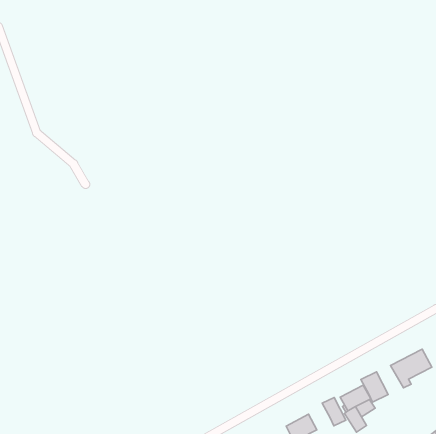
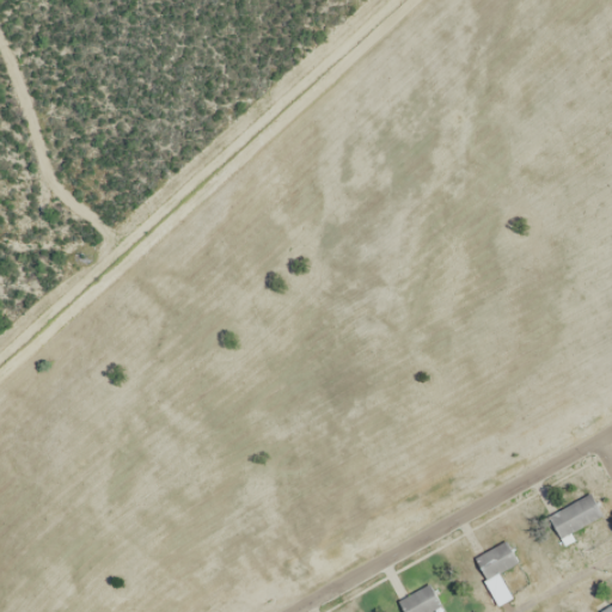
building: [361,372,388,402] -> none
building: [322,397,346,426] -> none

